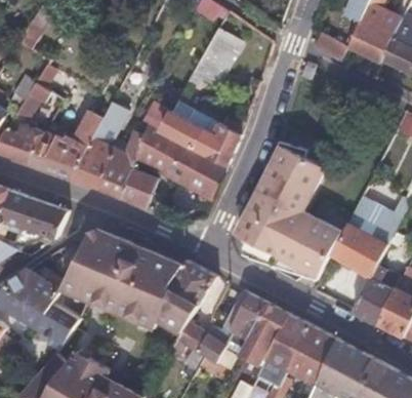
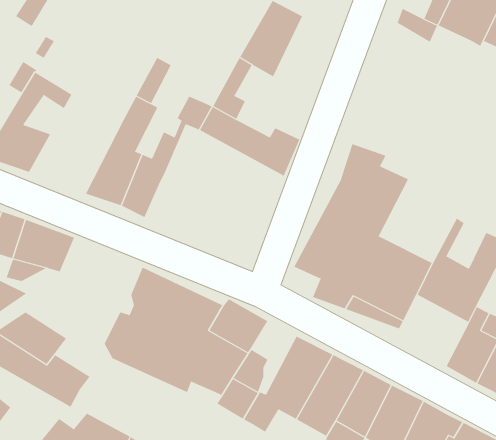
building: [31,110,104,177] -> none
building: [136,124,228,201] -> none
building: [120,168,155,207] -> none
building: [64,222,118,293] -> none

